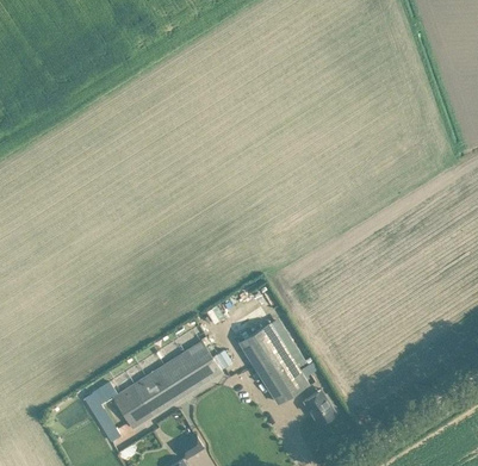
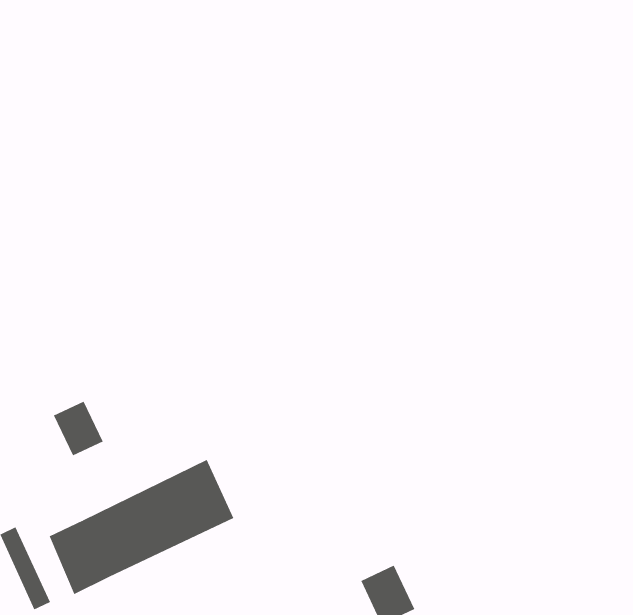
building: none -> [53,401,103,456]
building: [240,323,309,403] -> none

